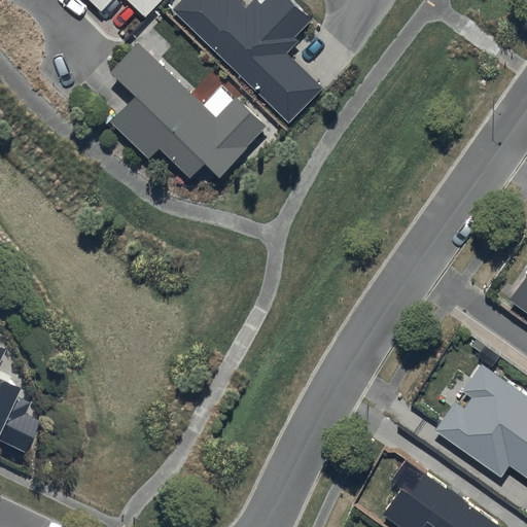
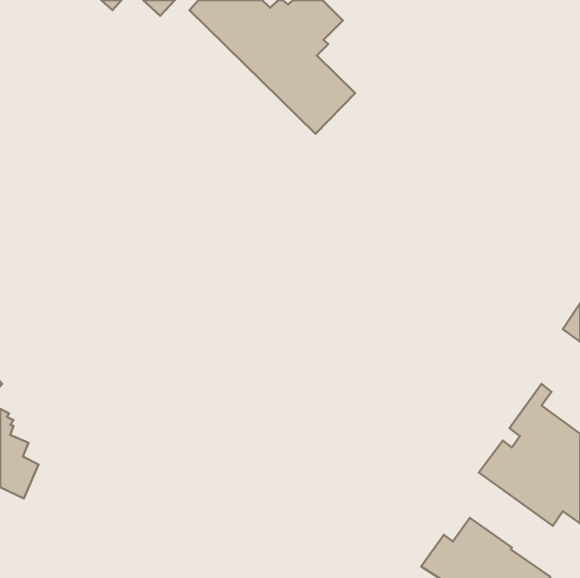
building: [99,42,267,177] -> none

